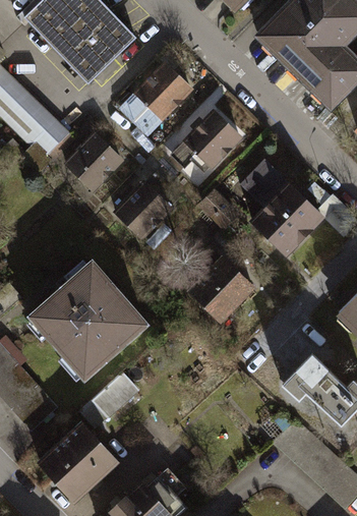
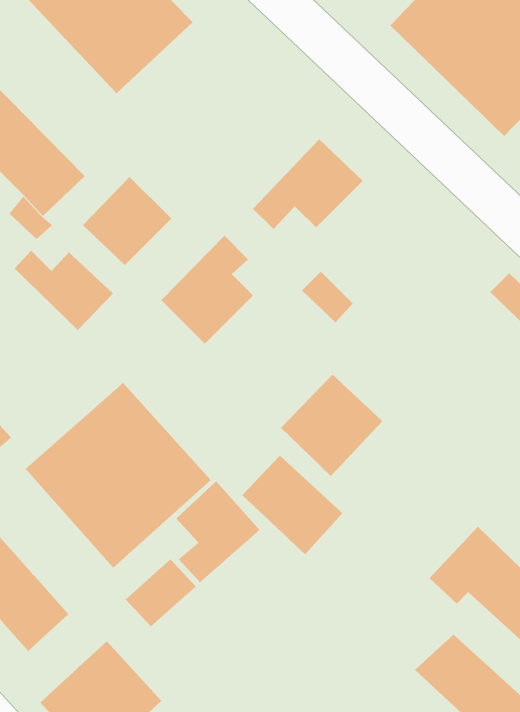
building: [120,63,191,135] -> none
building: [242,161,322,254] -> none
building: none -> [14,250,114,331]
building: none -> [241,455,343,555]
building: none -> [176,481,260,583]

